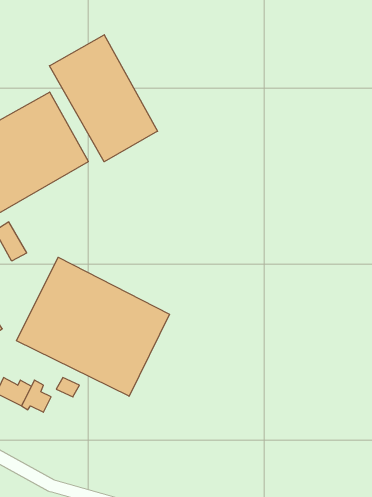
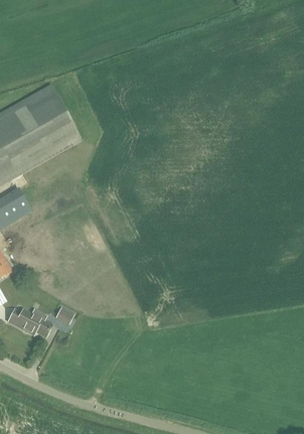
building: [49,35,158,162] -> none
building: [16,257,169,396] -> none

